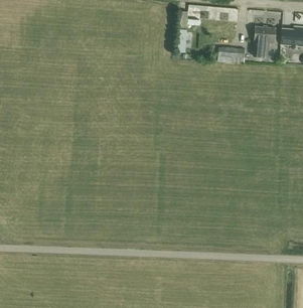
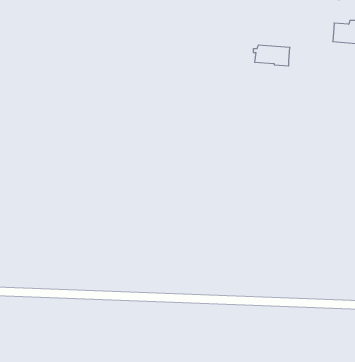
building: [253,26,274,56] -> none

